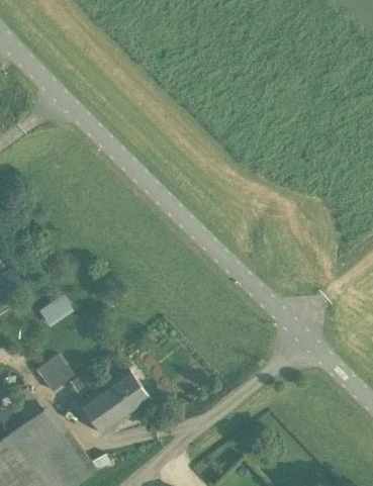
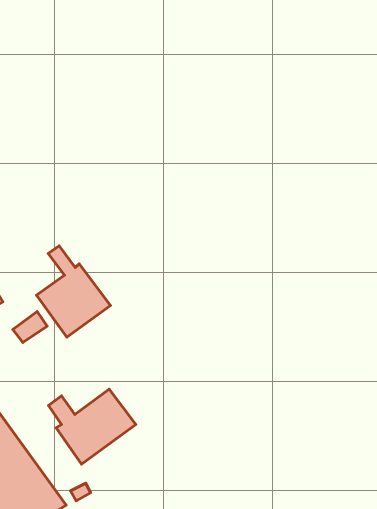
building: none -> [37,246,111,337]
building: [35,354,73,392] -> none

